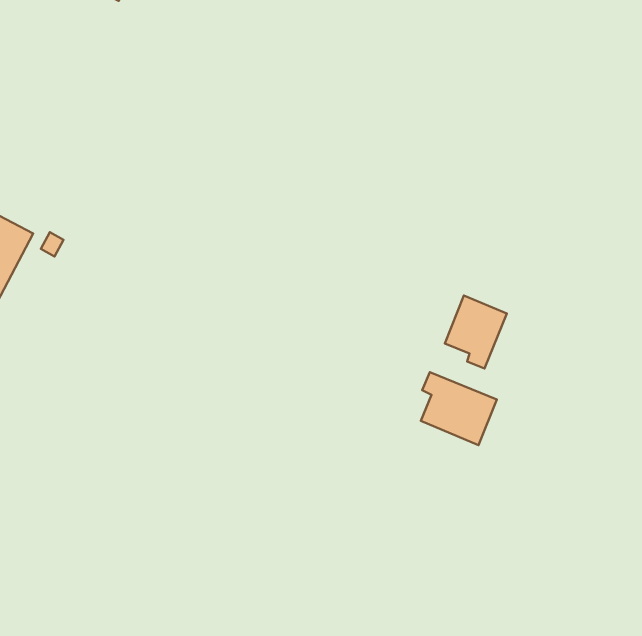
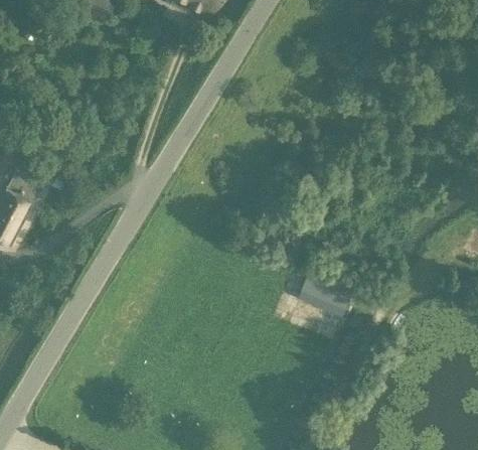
building: [445,296,507,368] -> none

